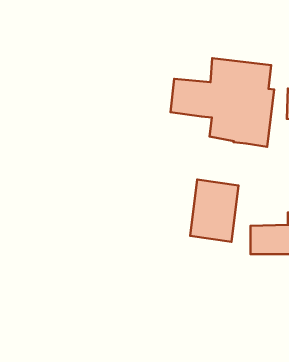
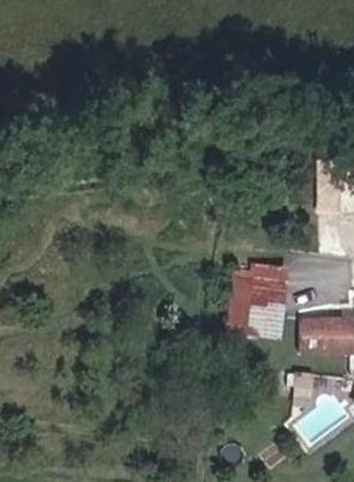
building: [171,58,274,147] -> none

